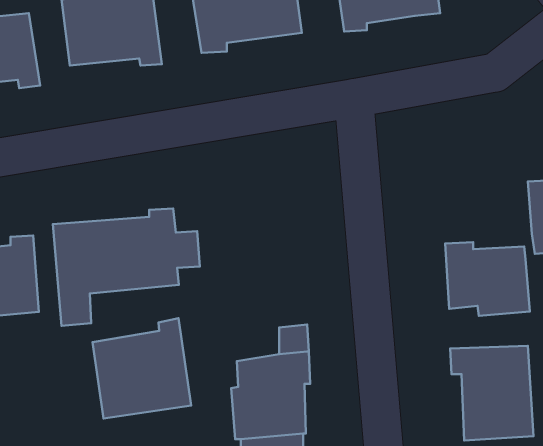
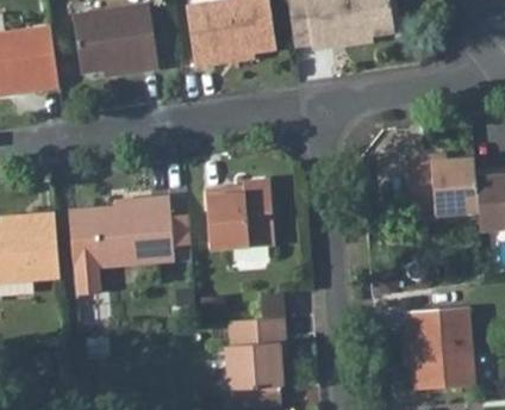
building: none -> [207,179,278,249]
building: [445,242,530,316] -> [400,156,472,218]
building: [93,318,191,418] -> none

